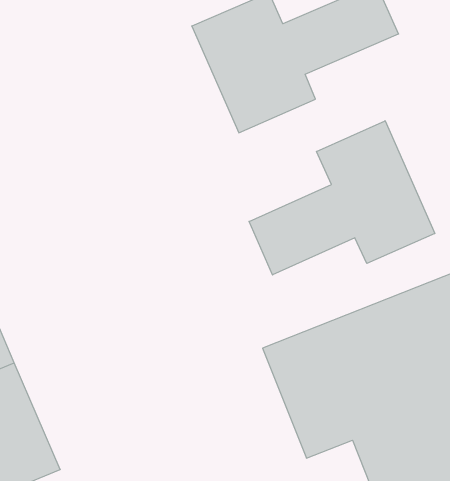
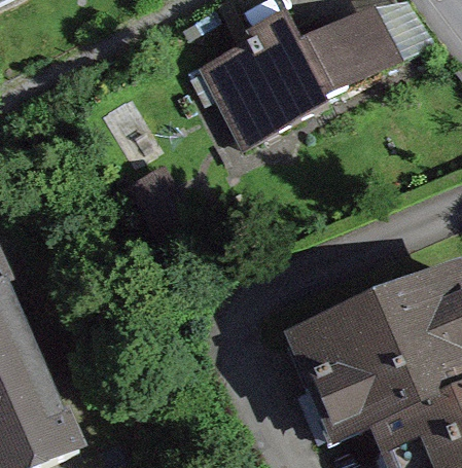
building: [249,121,435,275] -> none

